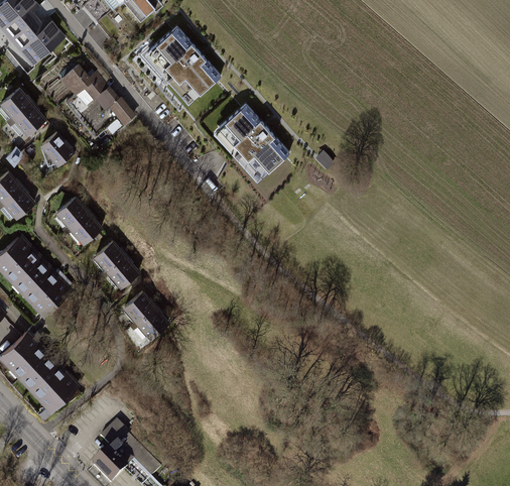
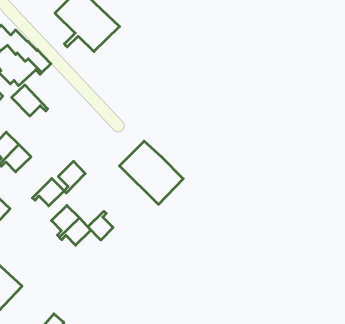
building: [213,105,289,184] -> [119,141,183,204]
building: none -> [12,85,48,116]
building: [93,240,126,278] -> [58,161,85,193]
building: none -> [88,211,113,240]

